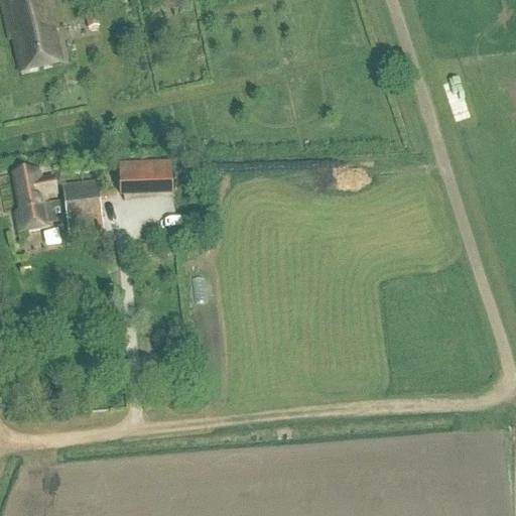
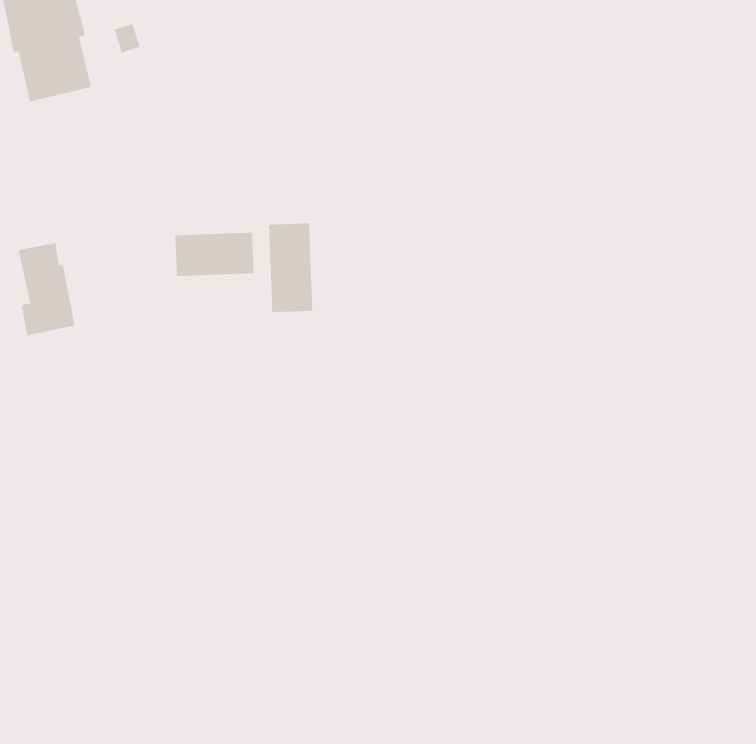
building: none -> [269,222,313,313]
building: [62,177,103,235] -> none

